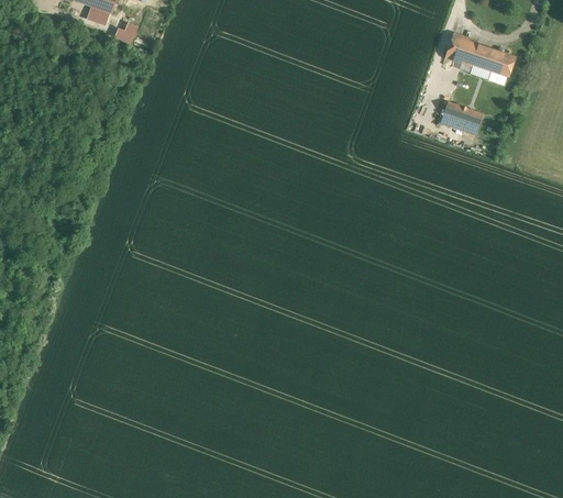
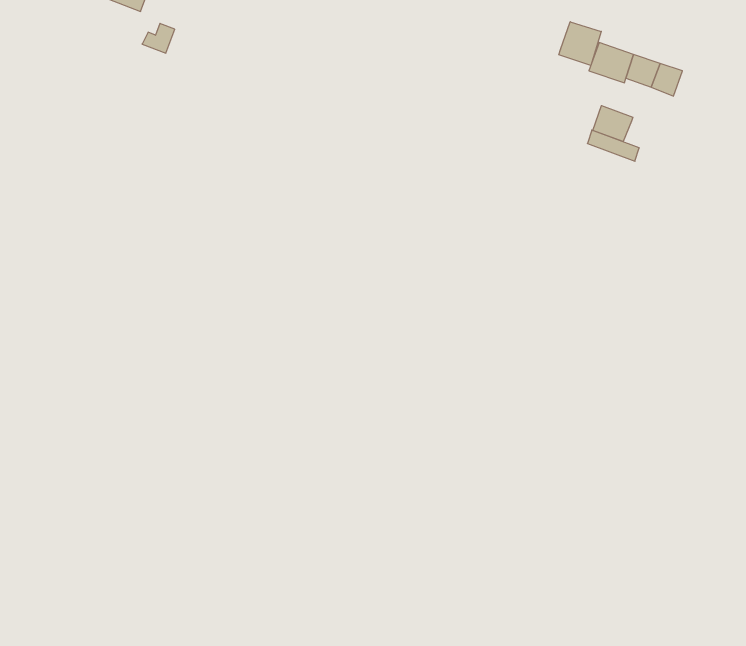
building: none -> [559,22,601,65]
building: none -> [593,106,633,141]

